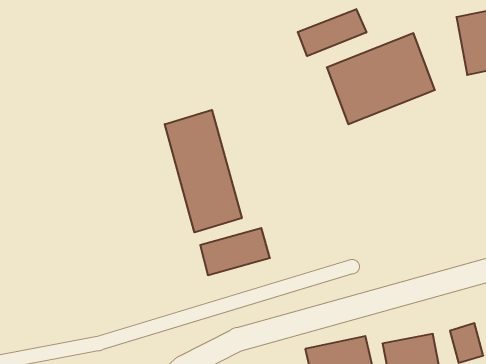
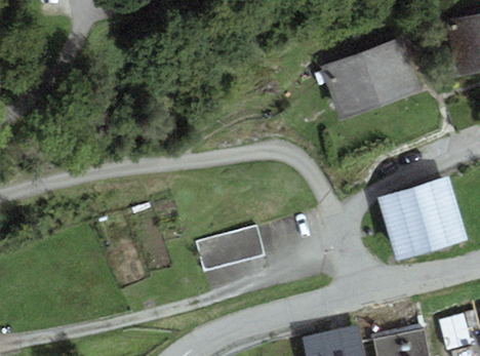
building: [298,9,366,56] -> none
building: [165,110,242,232] -> none
building: none -> [376,175,467,262]

